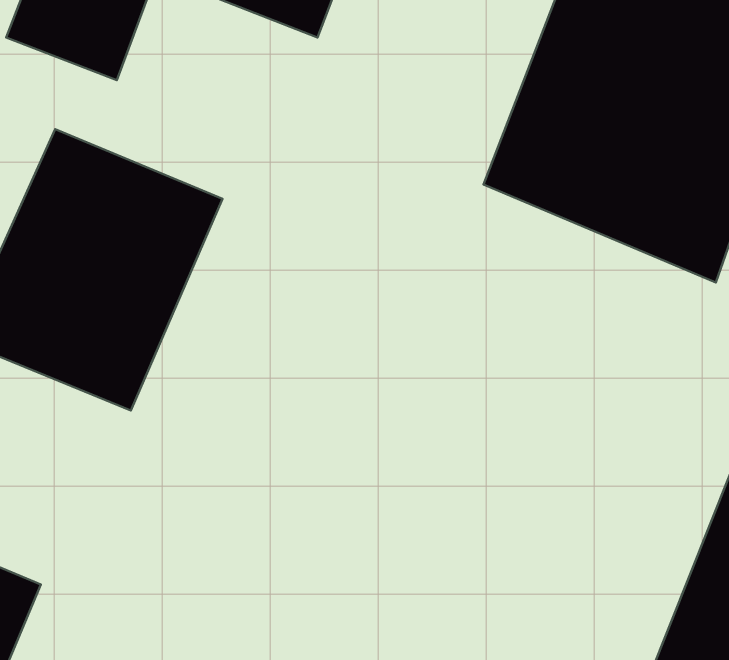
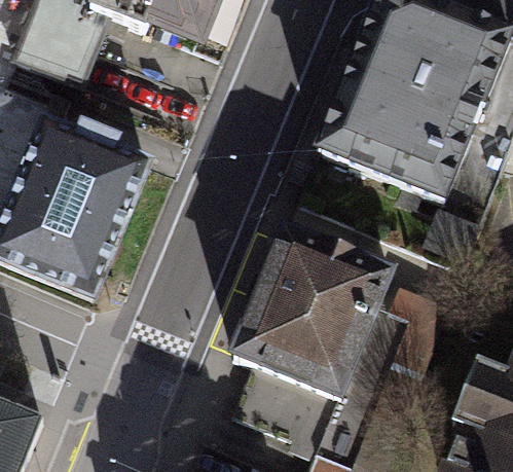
building: none -> [234,232,395,399]

